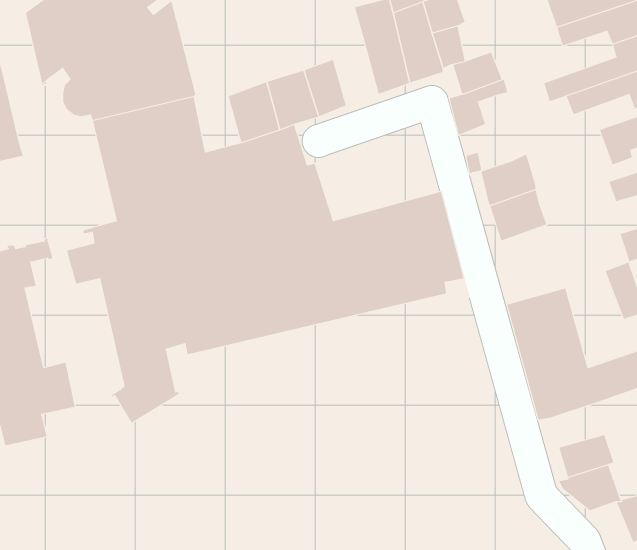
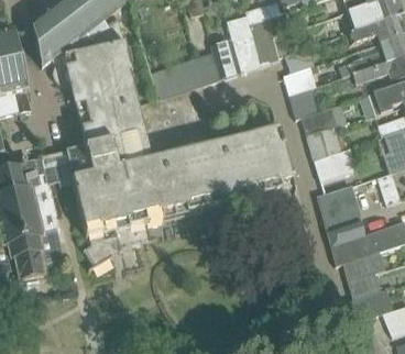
building: none -> [214,38,241,78]
building: none -> [314,147,353,181]
building: none -> [343,253,379,280]

